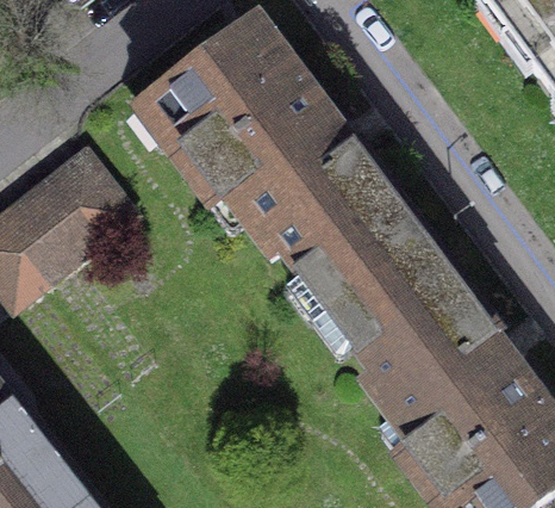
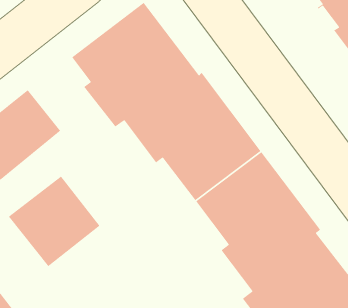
building: none -> [8,176,100,267]

